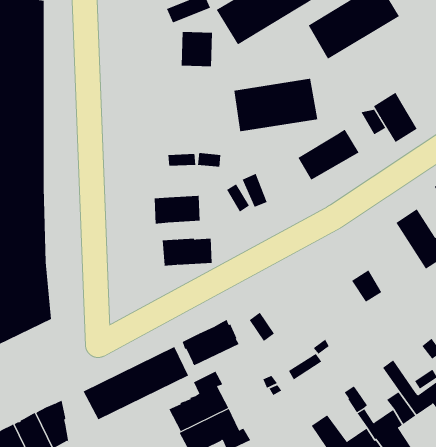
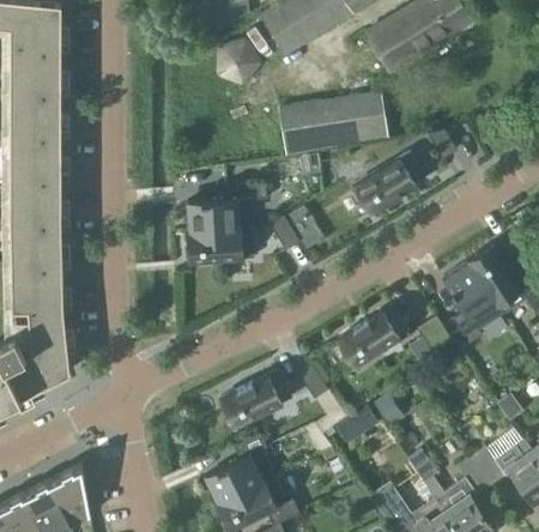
building: [373,92,417,147] -> none
building: none -> [444,261,503,344]
building: [162,238,212,266] -> [187,200,246,232]
building: none -> [338,304,410,367]
building: [83,346,189,420] -> none

